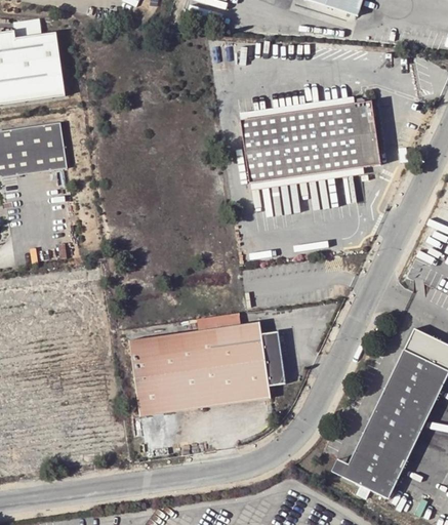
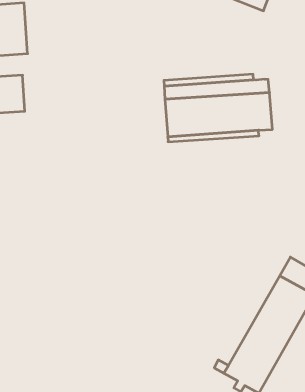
building: [128,311,285,415] -> none

